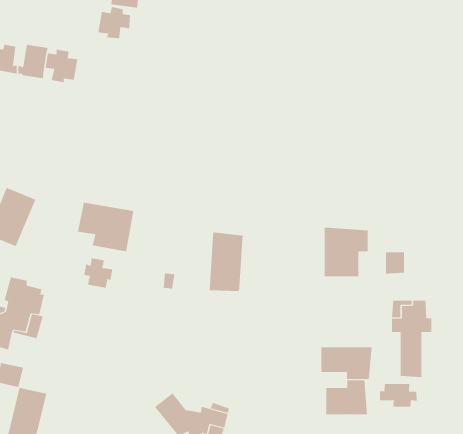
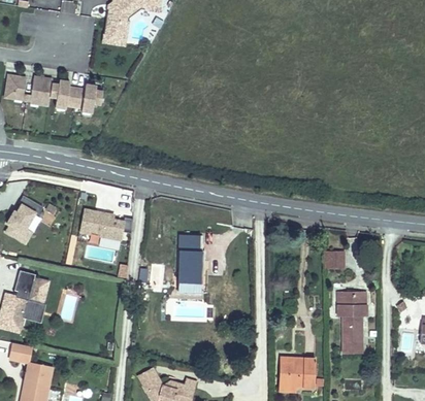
building: [97,7,131,39] -> [72,85,100,111]
building: [324,227,368,277] -> none
building: [84,257,113,288] -> none
building: [321,346,372,380] -> none
building: [379,383,417,408] -> none

